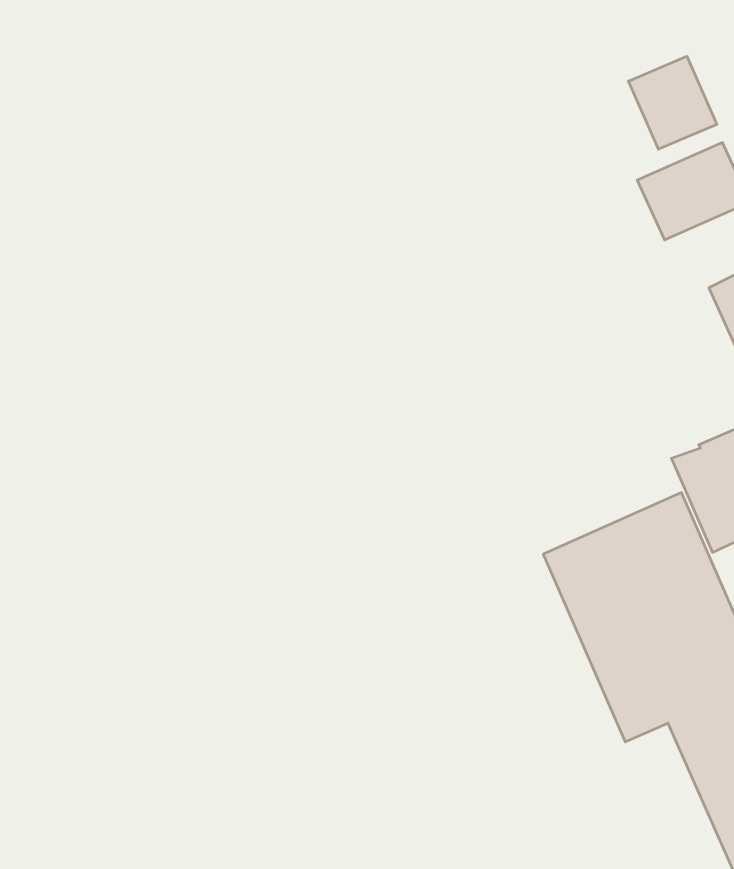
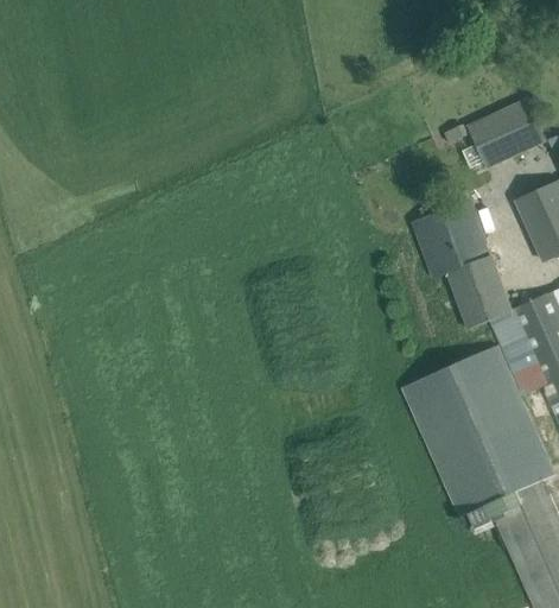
building: [628,56,717,149] -> none
building: none -> [413,201,512,328]

